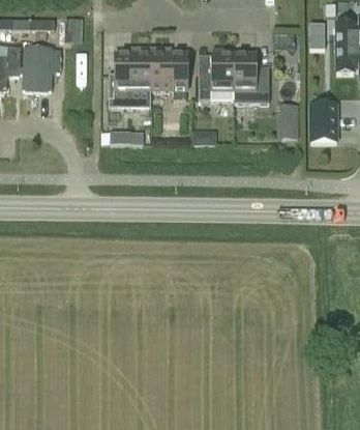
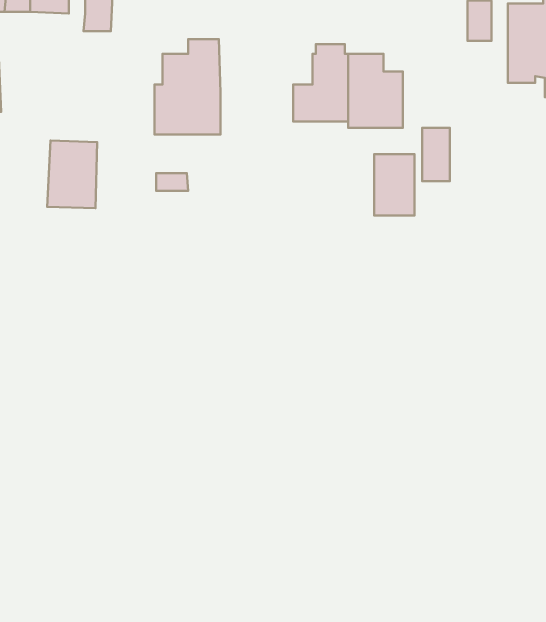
building: [150,44,186,97] -> none
building: [26,47,58,90] -> [47,141,97,208]
building: [309,101,335,140] -> [374,154,415,215]

